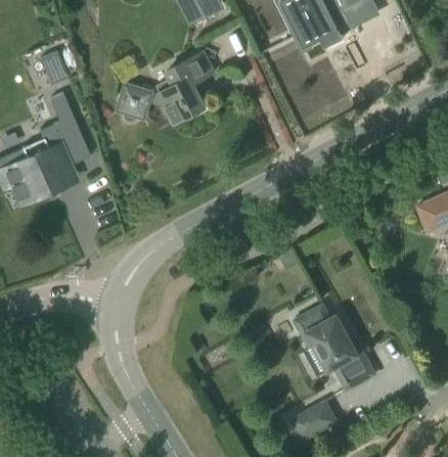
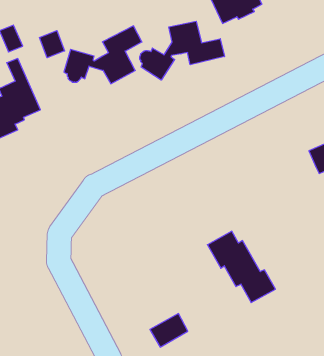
building: none -> [140,21,224,80]
building: none -> [39,31,65,58]
building: [290,399,337,440] -> [150,314,188,347]

